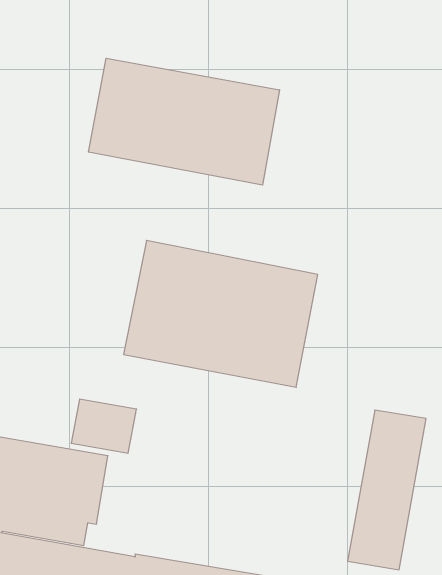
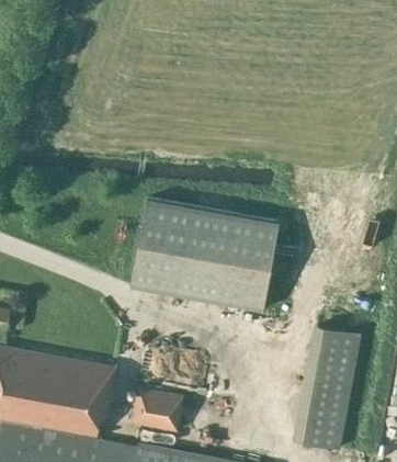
building: [88,58,280,185] -> none
building: [71,399,137,453] -> [133,387,183,429]

